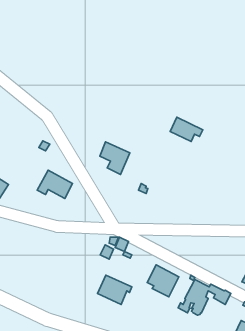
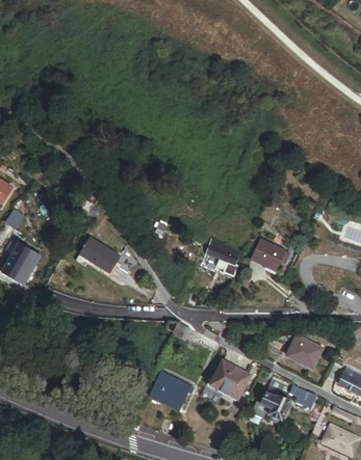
building: [170,117,203,142] -> [251,241,291,271]
building: [100,142,130,175] -> [208,236,246,276]
building: none -> [284,331,321,366]

